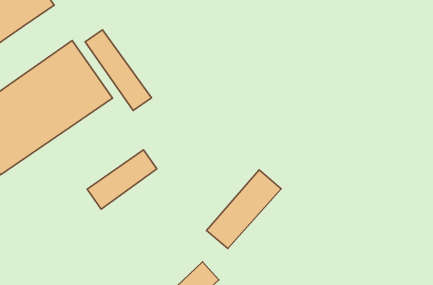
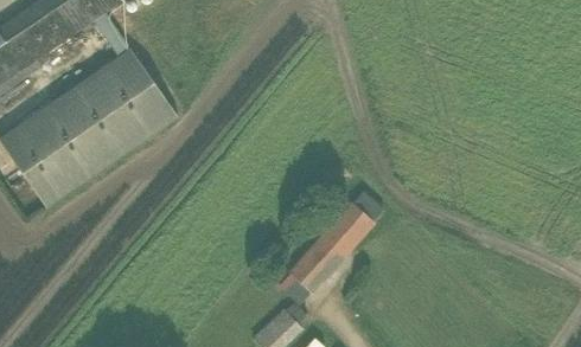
building: [85,30,152,111] -> none
building: [87,150,157,209] -> none

